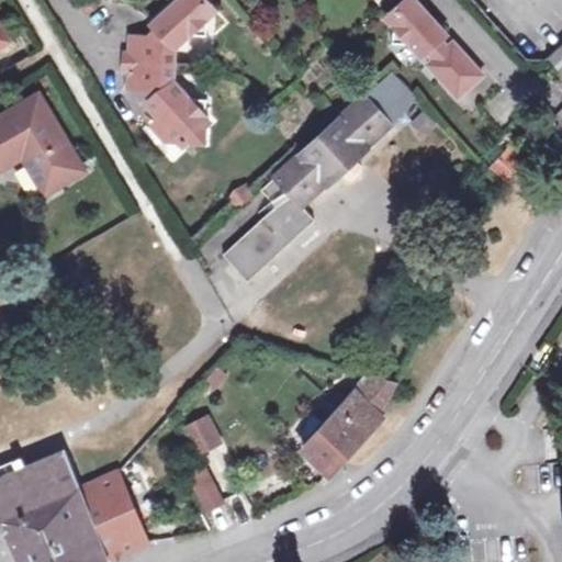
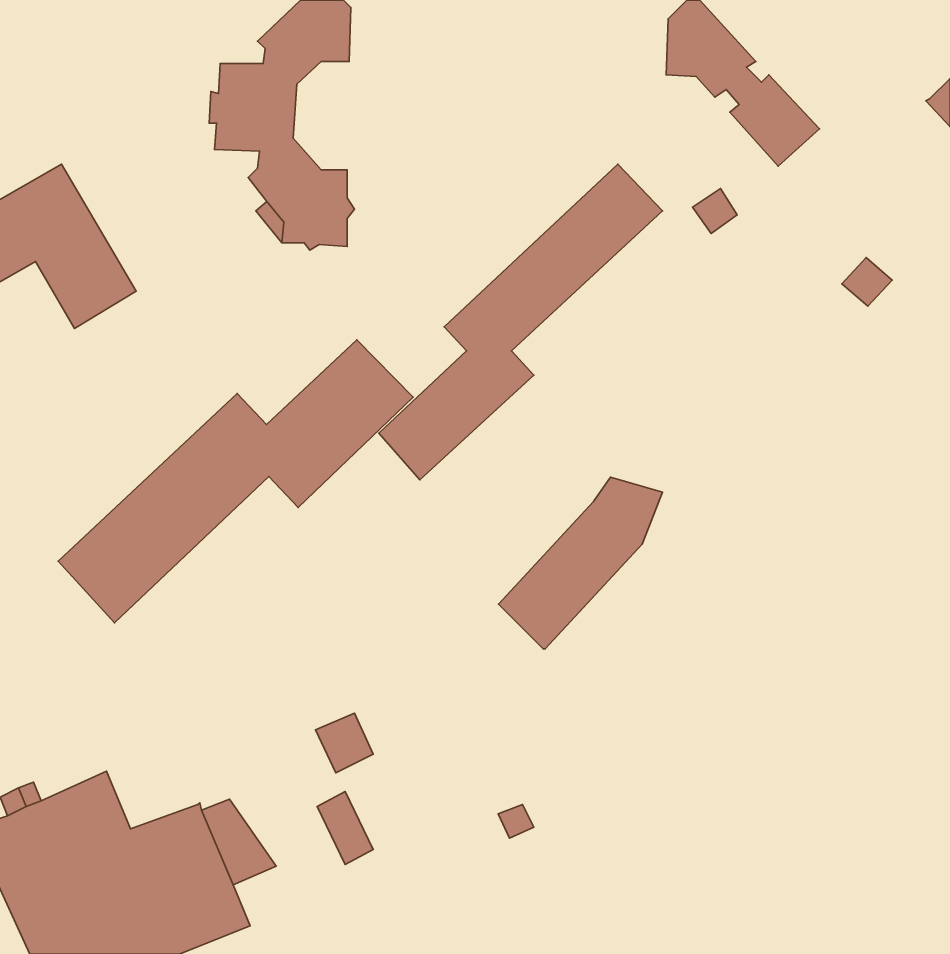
building: [363,71,417,124] -> none
building: none -> [58,340,413,623]
building: [300,374,396,475] -> [498,477,663,649]

